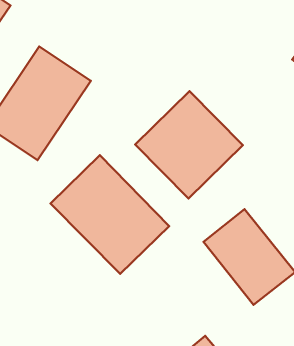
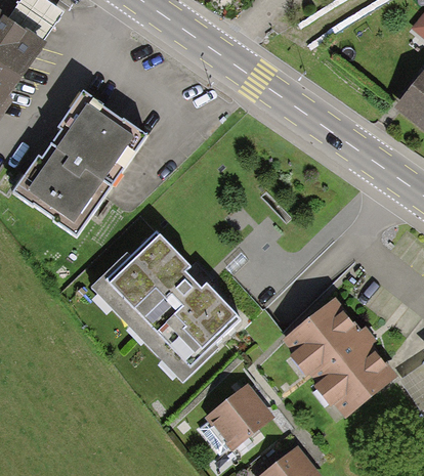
building: [135,91,243,198] -> none
building: none -> [207,391,267,449]

